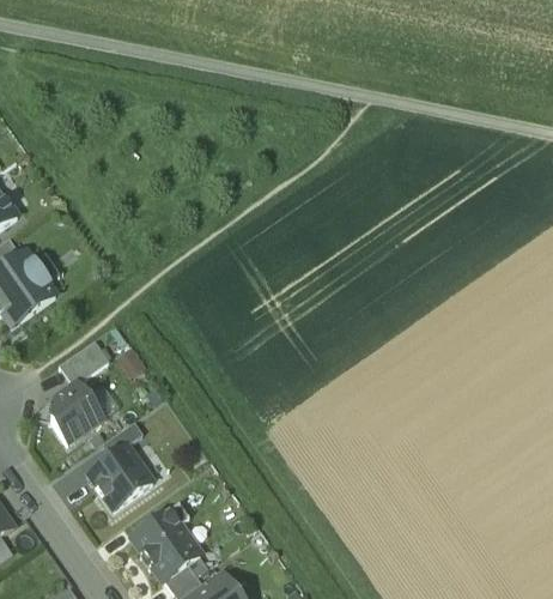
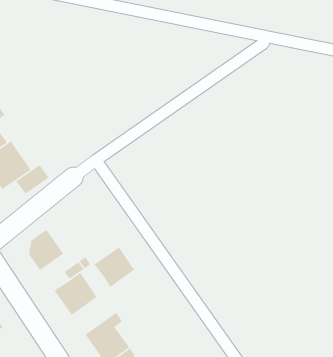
building: [59,339,109,383] -> [15,164,50,194]
building: none -> [94,246,135,288]

